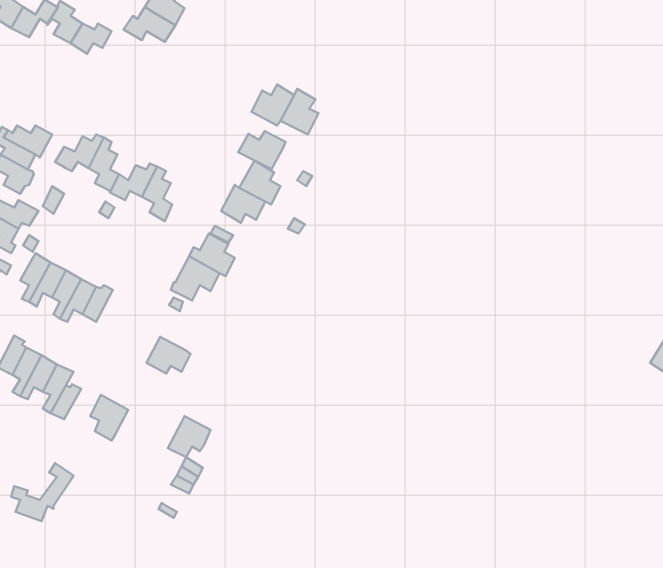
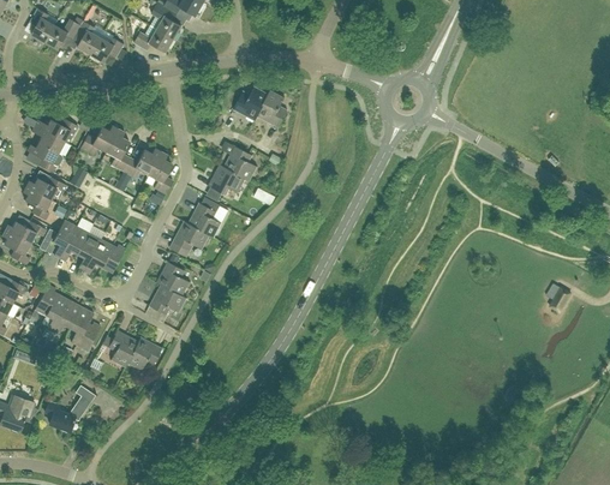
building: [238,131,285,169] -> none
building: none -> [157,262,190,295]
building: [168,416,210,457] -> [126,337,160,370]

